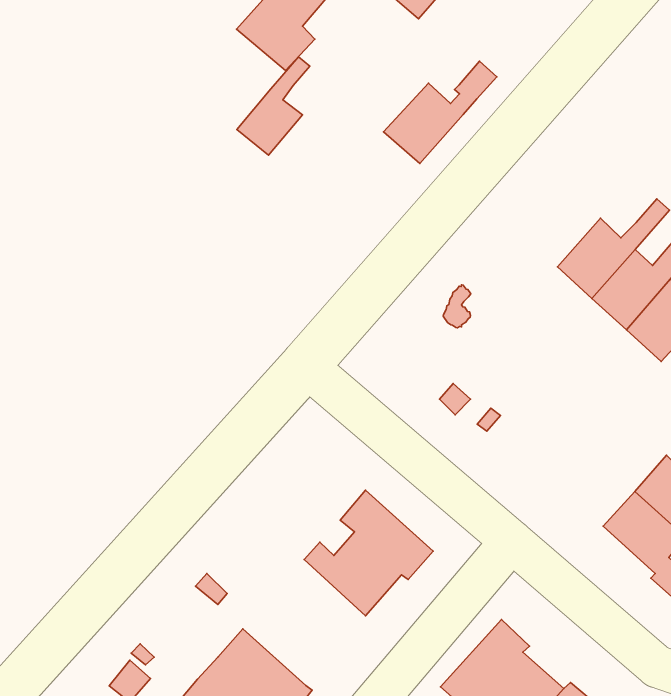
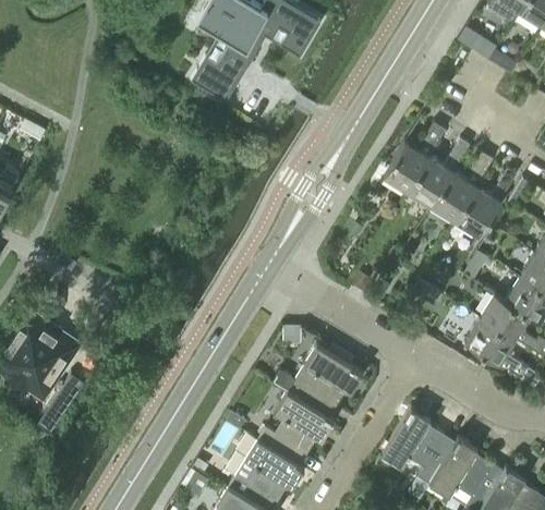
building: [237,57,310,155] -> none
building: [384,61,497,164] -> [383,124,445,192]
building: none -> [257,393,335,469]

